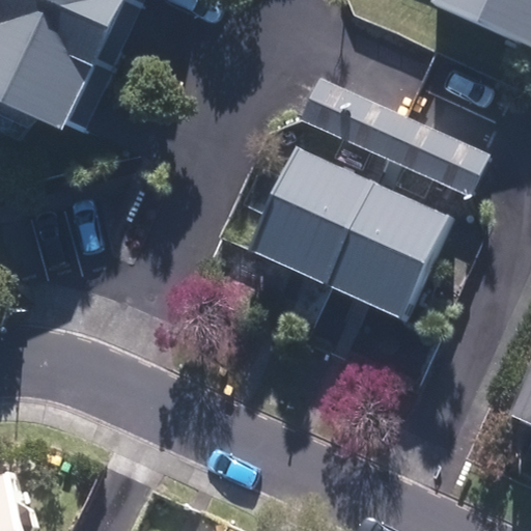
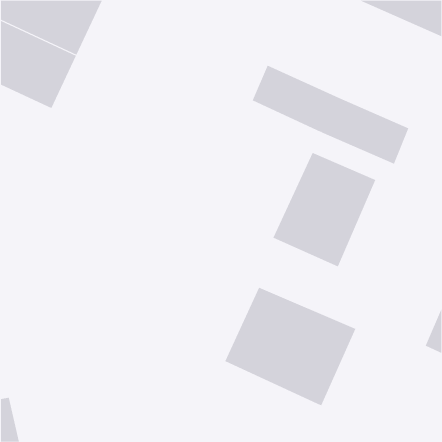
building: [248,146,374,285] -> none
building: none -> [224,287,356,406]

